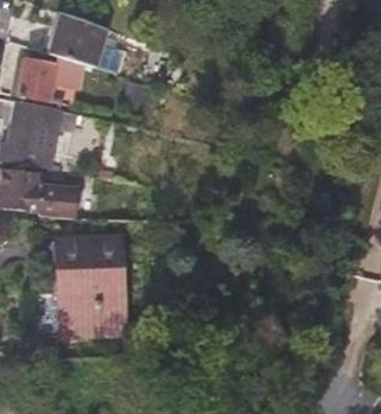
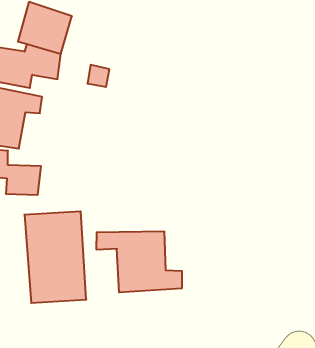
building: none -> [97,231,182,292]

